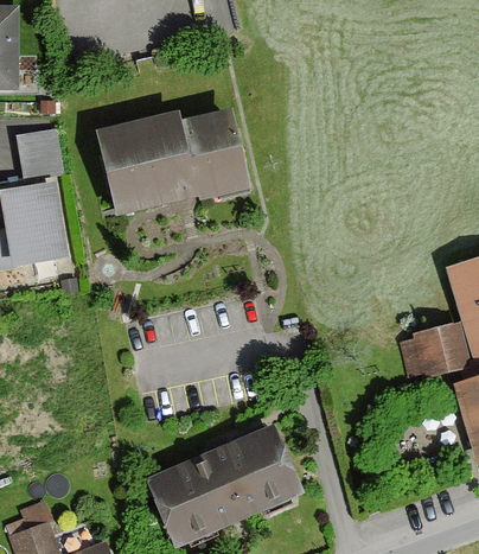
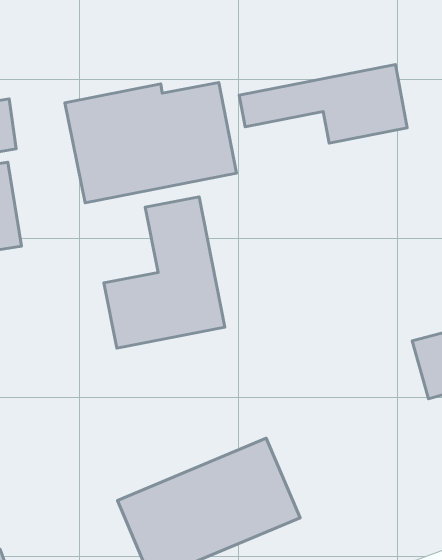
building: none -> [239,65,407,143]
building: none -> [104,197,225,348]

